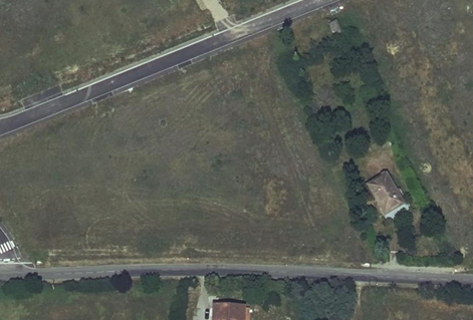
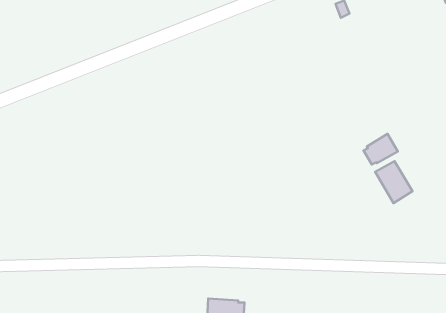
building: none -> [363,134,398,165]

